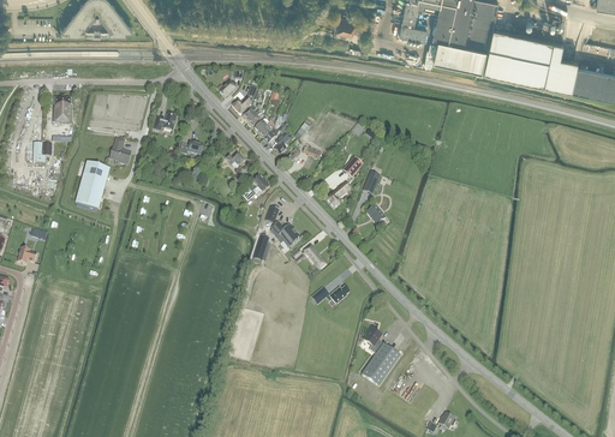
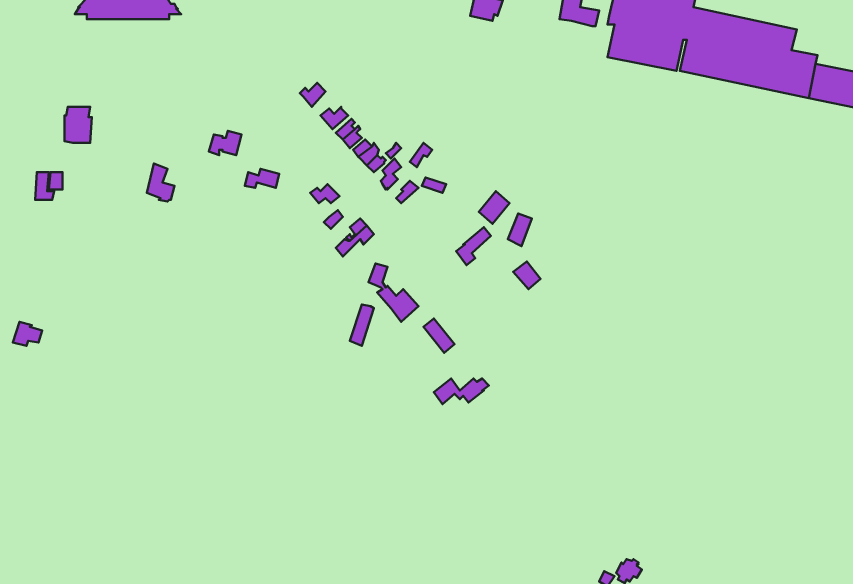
building: [76,162,109,210] -> none
building: [362,327,400,388] -> none

